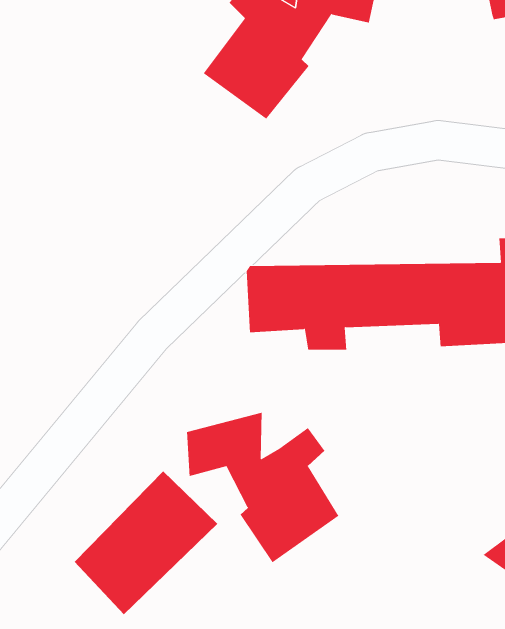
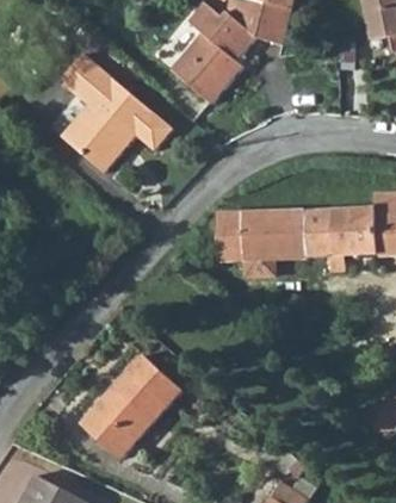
building: none -> [64,62,185,187]
building: [187,412,339,563] -> none

